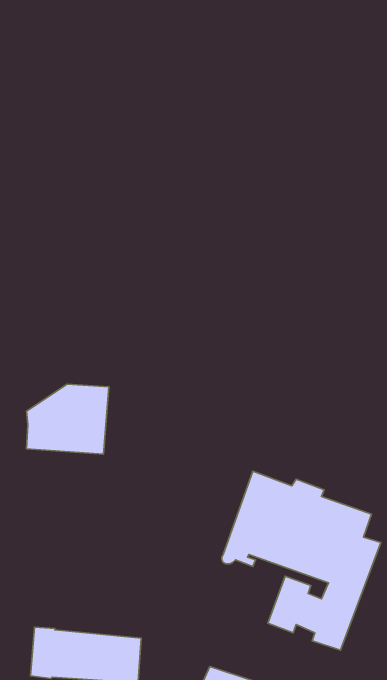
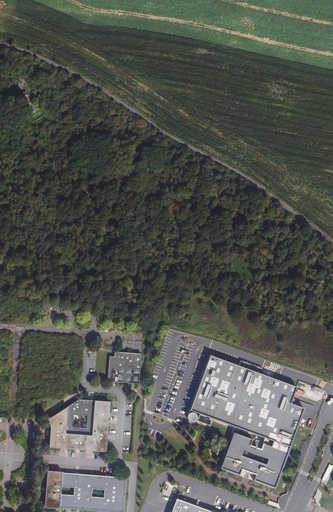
building: [27,384,109,454] -> [48,400,109,452]
building: none -> [109,352,141,383]

